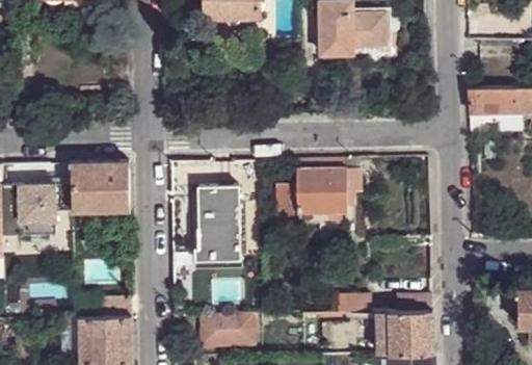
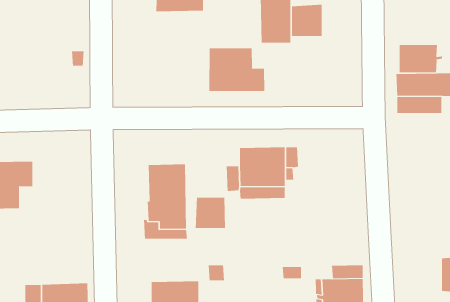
building: none -> [399,44,443,73]
building: none -> [209,48,265,92]
building: [70,160,129,210] -> none
building: none -> [195,197,225,229]

